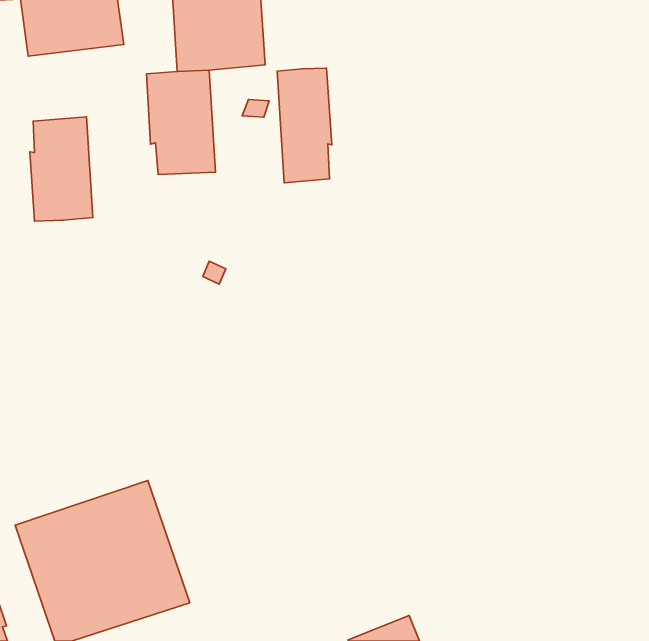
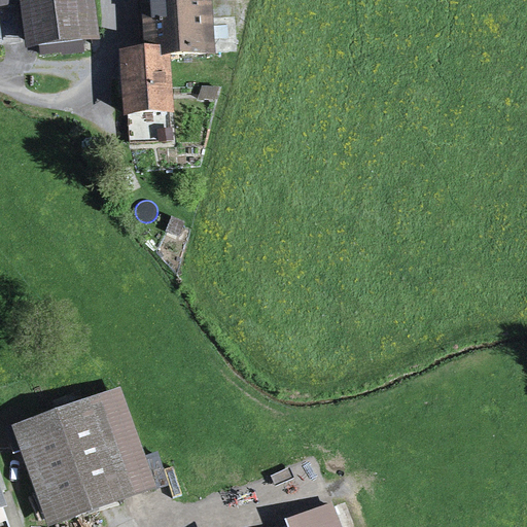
building: [277,68,332,183] -> none
building: [30,117,93,221] -> none

